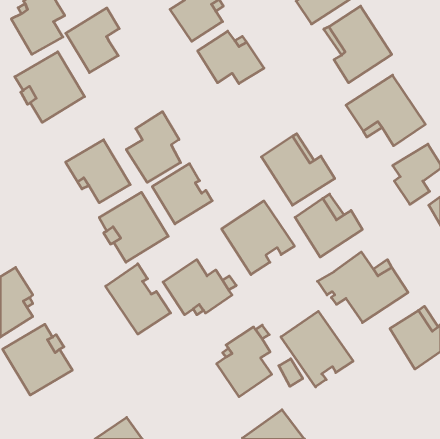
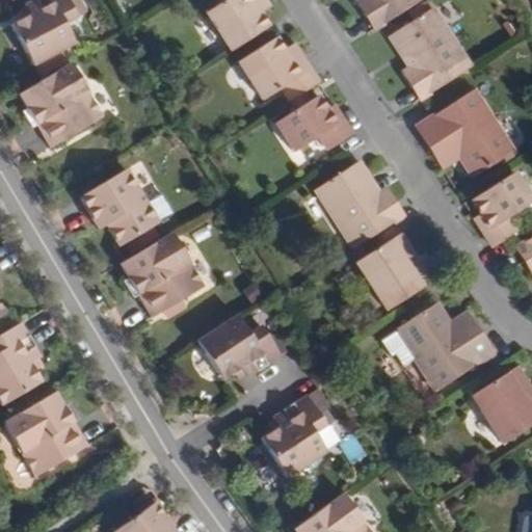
building: [66,8,119,73] -> none
building: none -> [276,95,352,151]
building: [126,112,181,182] -> none
building: [152,164,212,224] -> none
building: [222,201,294,275] -> none
building: [106,264,171,334] -> none
building: [281,311,353,387] -> none

